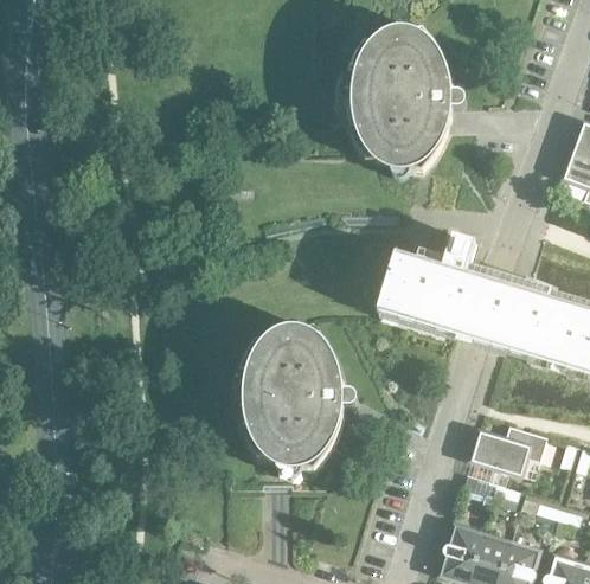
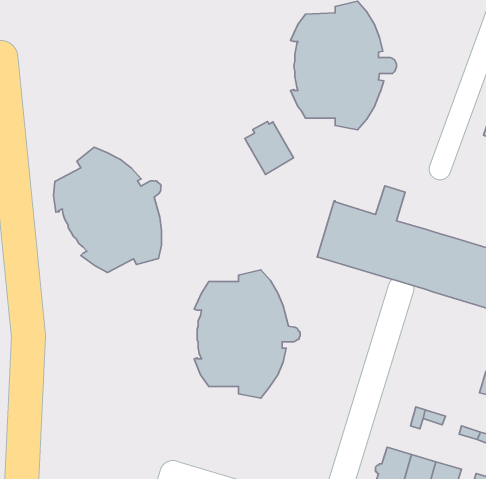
building: none -> [245,122,294,174]
building: none -> [53,147,162,273]
building: [472,424,547,474] -> none

